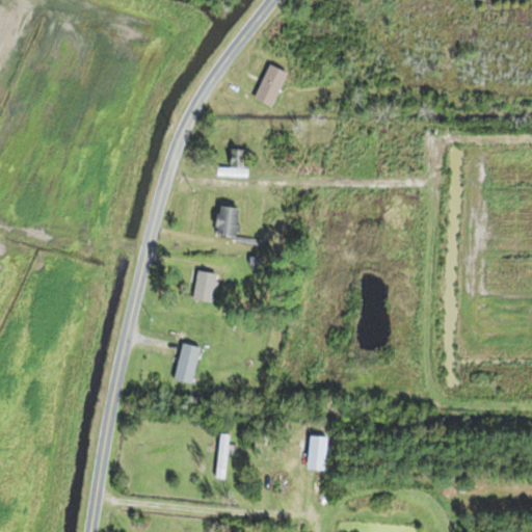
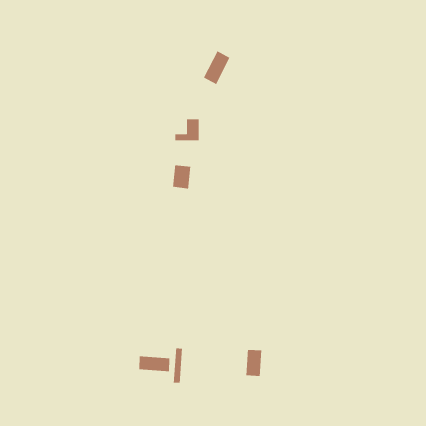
building: [195,271,215,301] -> none
building: [174,343,201,383] -> none
building: none -> [138,356,170,372]

